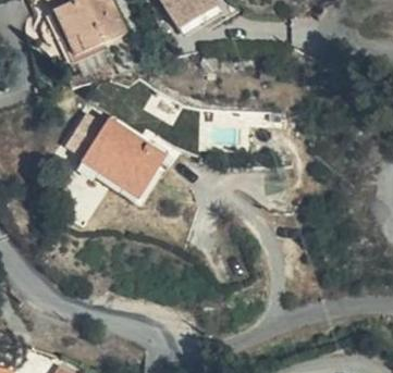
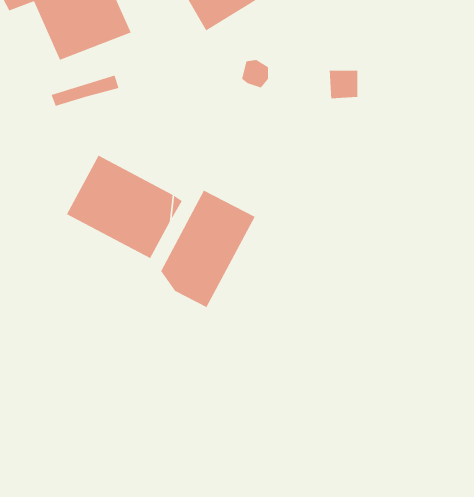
building: none -> [160,189,256,308]

